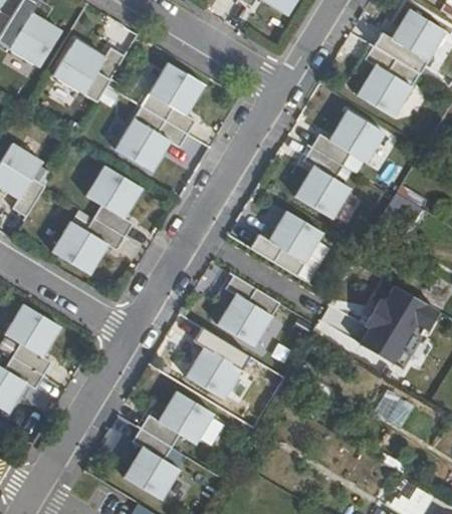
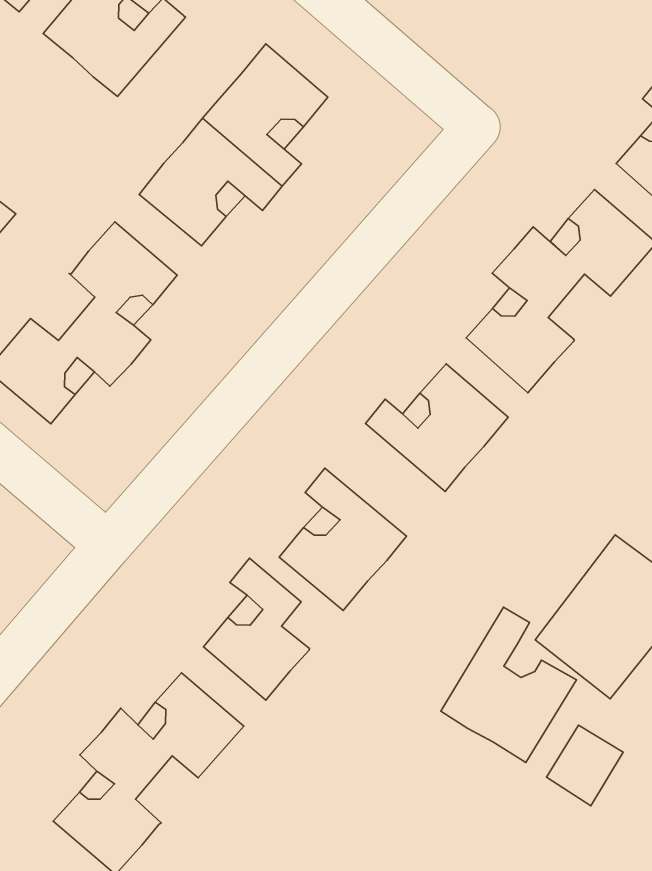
building: none -> [441,607,576,763]

